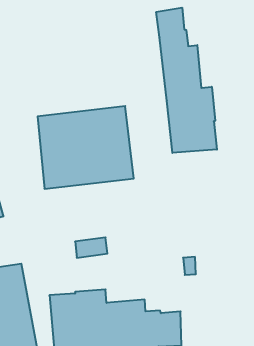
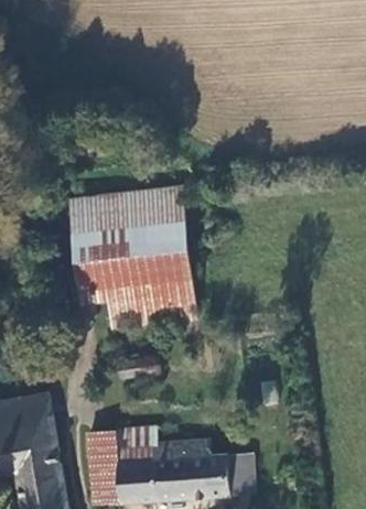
building: [156,8,217,153] -> none
building: none -> [76,280,196,332]

